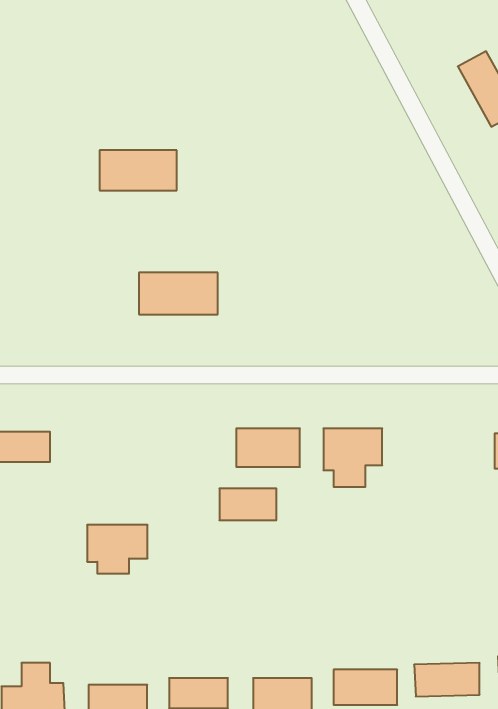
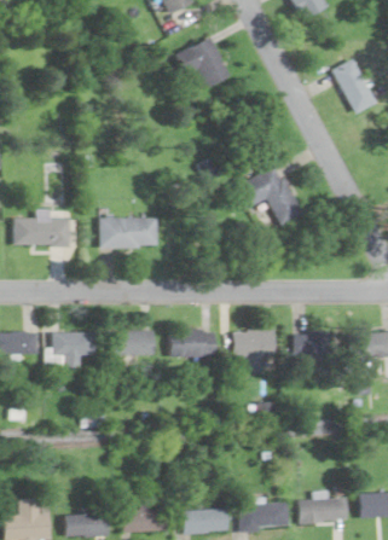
building: none -> [178,36,230,85]
building: [100,150,177,190] -> [16,216,71,245]
building: none -> [239,166,302,225]
building: none -> [297,332,337,356]
building: [219,488,276,520] -> [115,331,156,354]
building: [87,525,148,574] -> [53,331,97,366]

